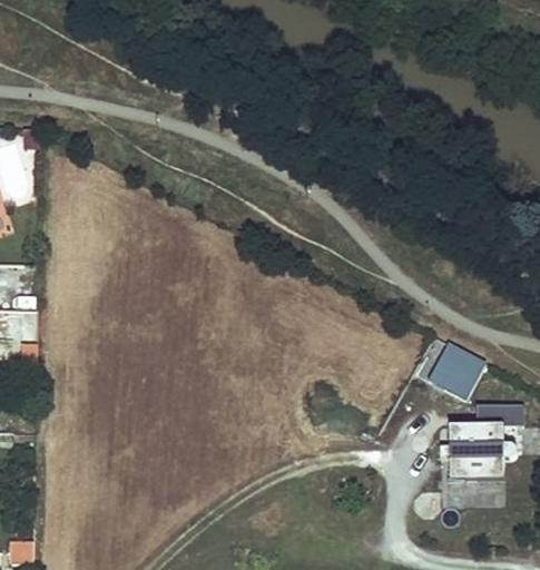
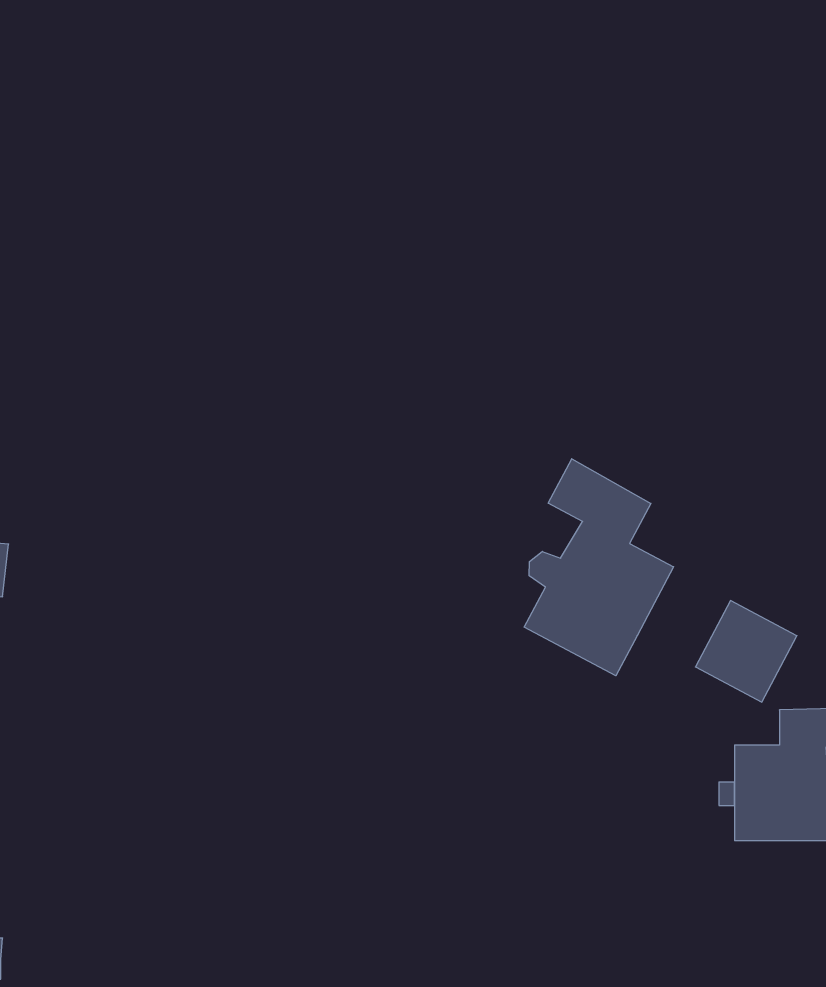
building: none -> [524,459,674,676]

